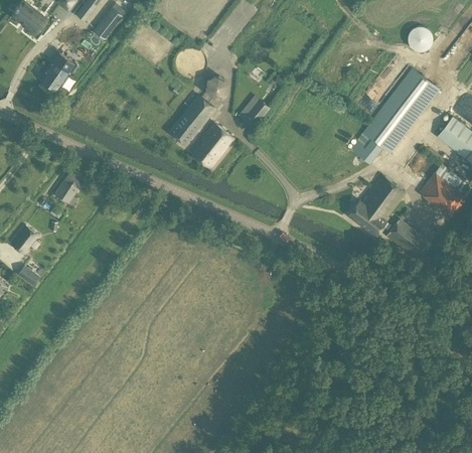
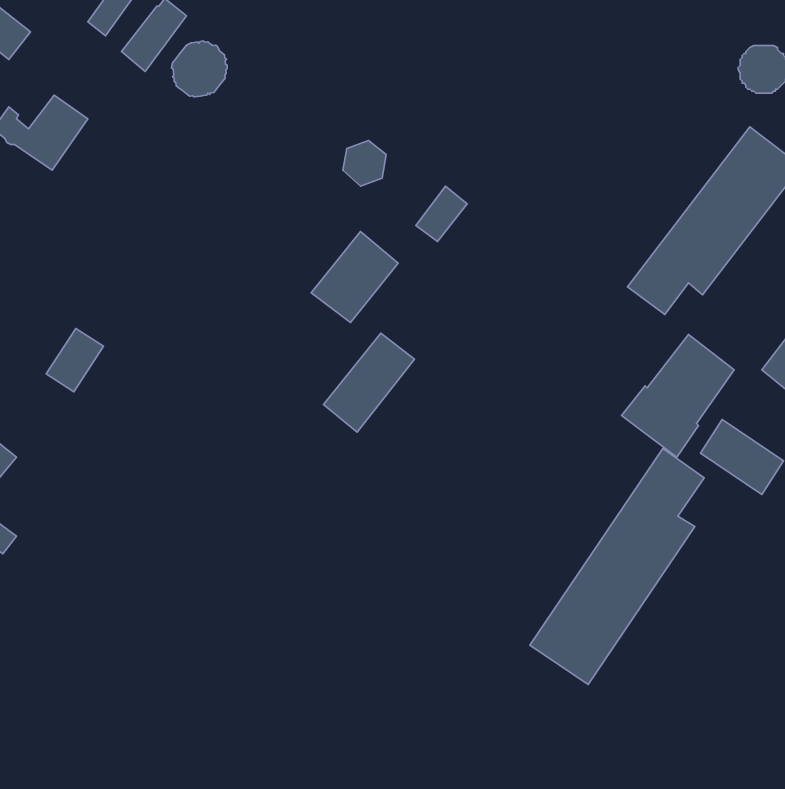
building: none -> [172,41,227,97]
building: [168,95,214,145] -> [324,333,414,432]
building: none -> [530,449,704,685]

